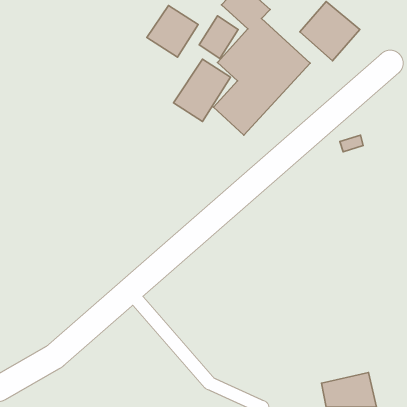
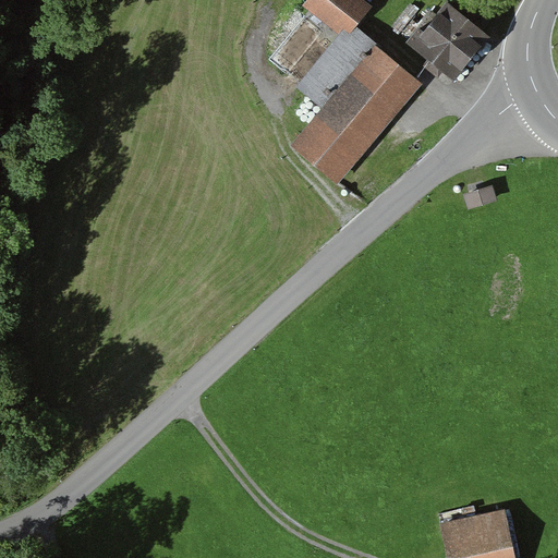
building: [147,5,198,57] -> none
building: [174,59,231,121] -> none

